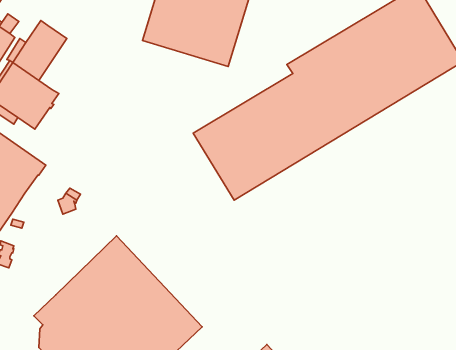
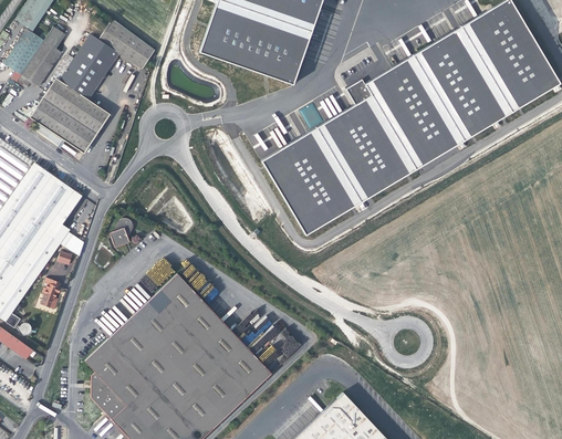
building: none -> [98,19,158,70]

